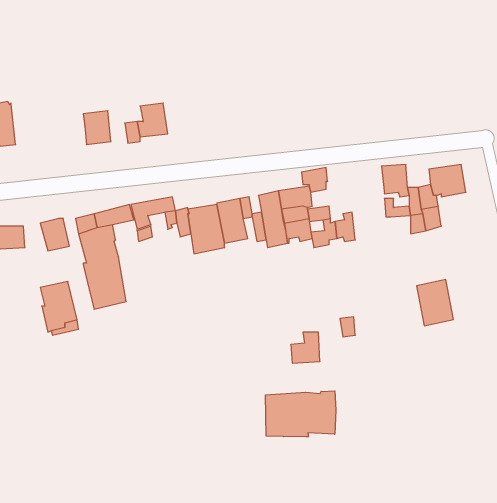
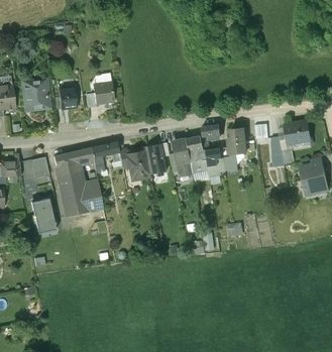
building: none -> [23,80,48,110]
building: none -> [228,129,246,154]
building: none -> [82,180,103,212]
building: [417,280,453,326] -> [302,164,326,195]
building: [266,391,336,437] -> none

